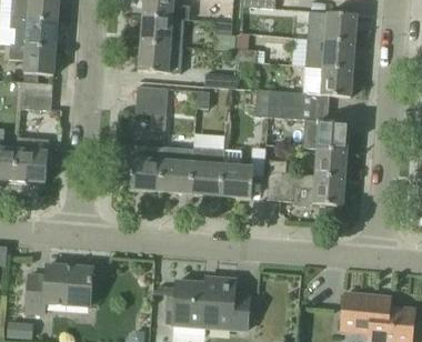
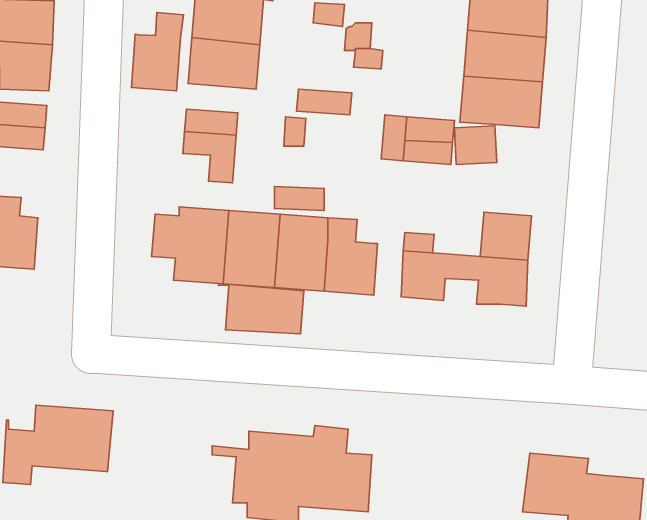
building: none -> [131,13,184,91]
building: [302,119,348,150] -> none
building: none -> [219,284,304,334]

